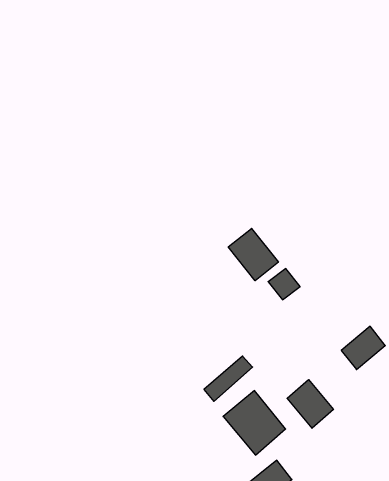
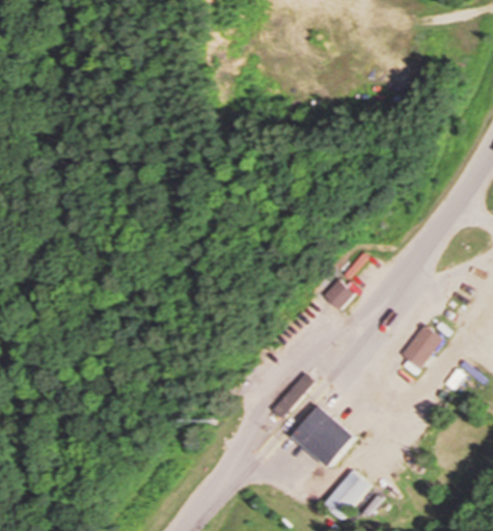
building: [228,228,278,281] -> none
building: [287,380,333,428] -> none

